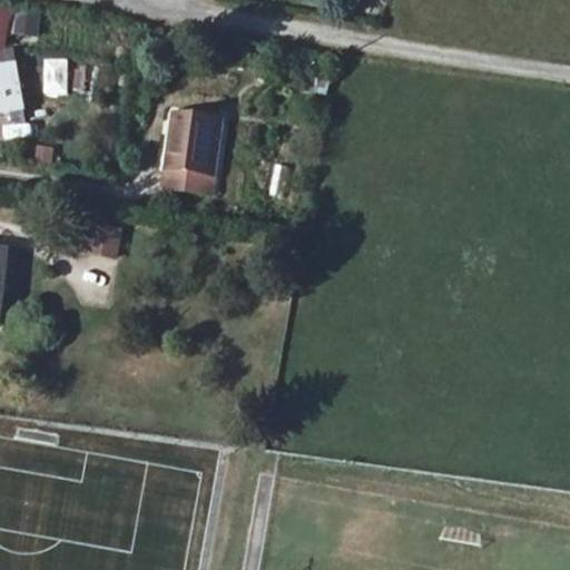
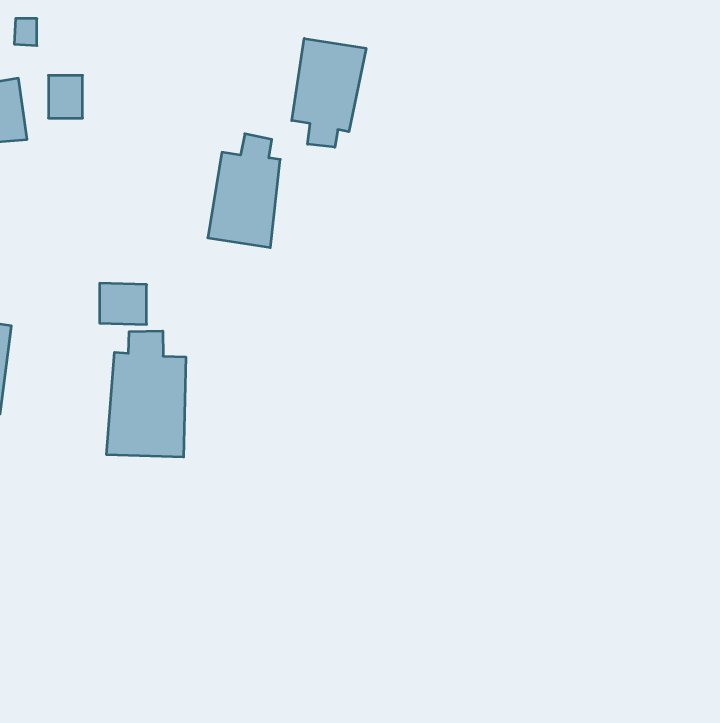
building: none -> [292,38,366,147]
building: none -> [107,331,186,457]

